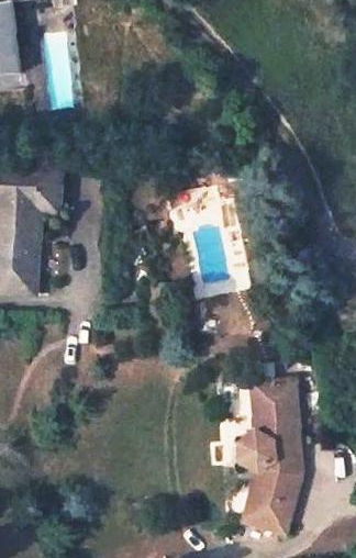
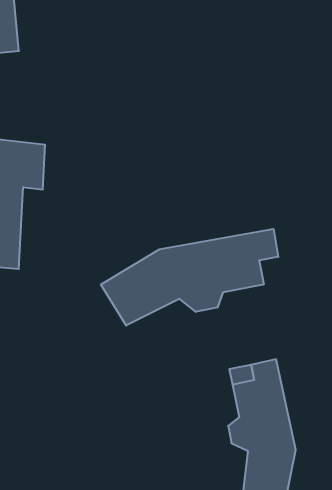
building: none -> [101,229,278,326]

